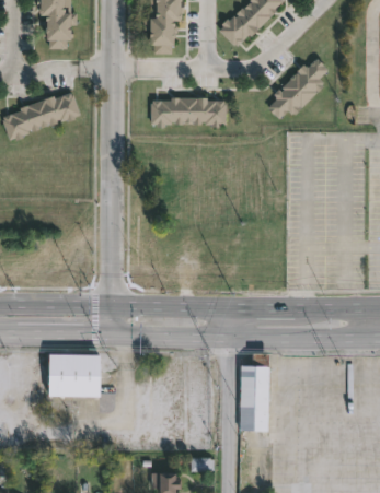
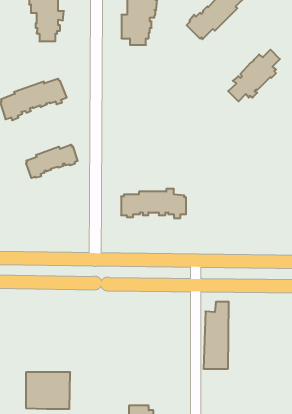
building: [150,94,226,128] -> [121,189,186,218]
building: none -> [26,145,78,178]
building: [48,353,100,396] -> [26,372,70,409]

